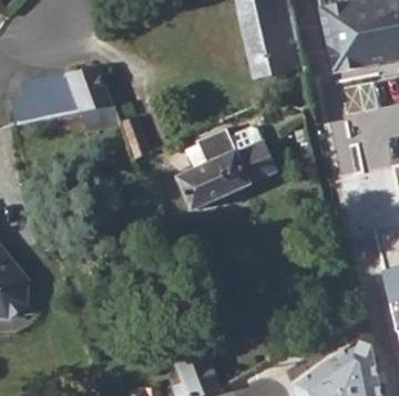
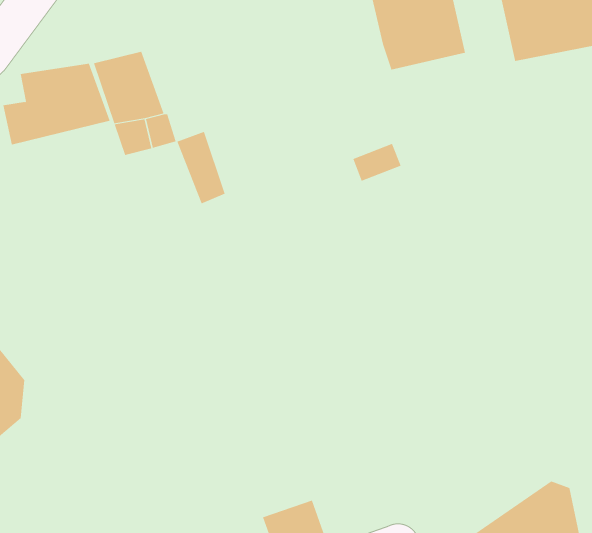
building: [174,131,273,212] -> none

